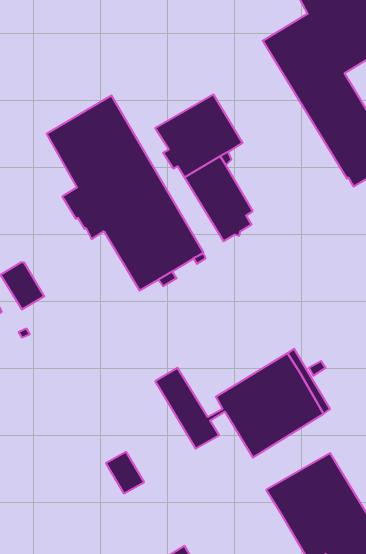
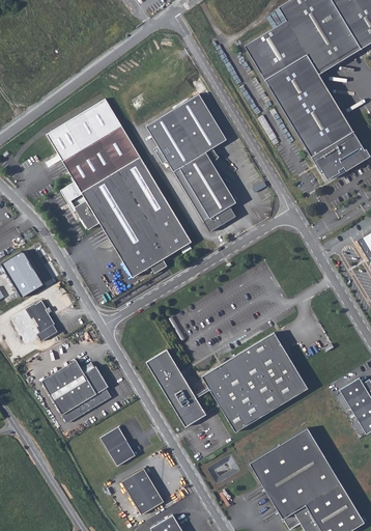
building: none -> [26,300,58,340]
building: none -> [41,359,112,422]
building: none -> [122,468,165,514]

